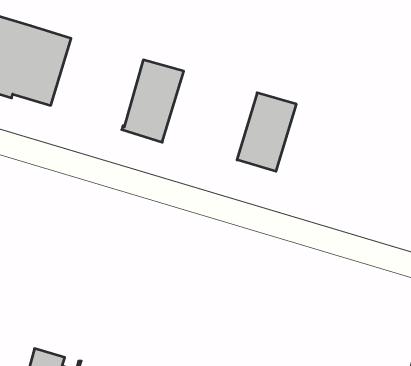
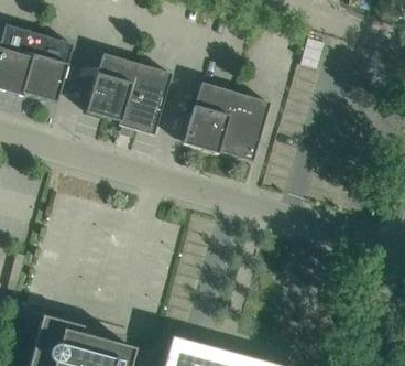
building: none -> [85,52,136,120]
building: none -> [182,80,236,152]

